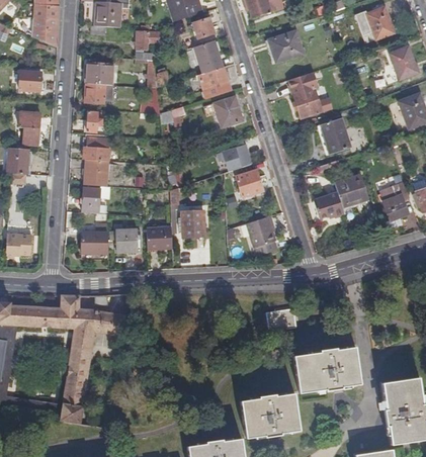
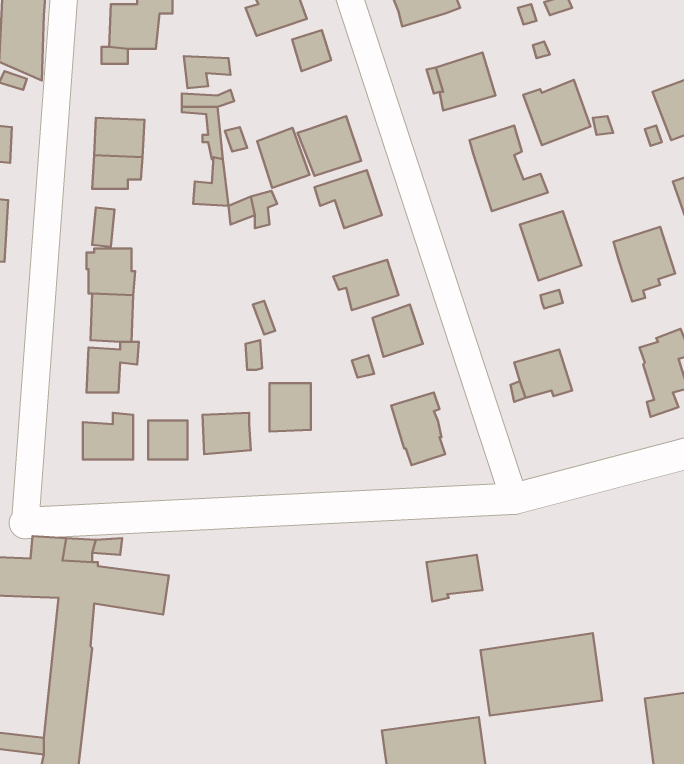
building: [356,7,393,42] -> [523,80,591,145]
building: [194,40,223,73] -> [257,128,309,188]
building: [335,174,368,214] -> [613,227,675,302]

